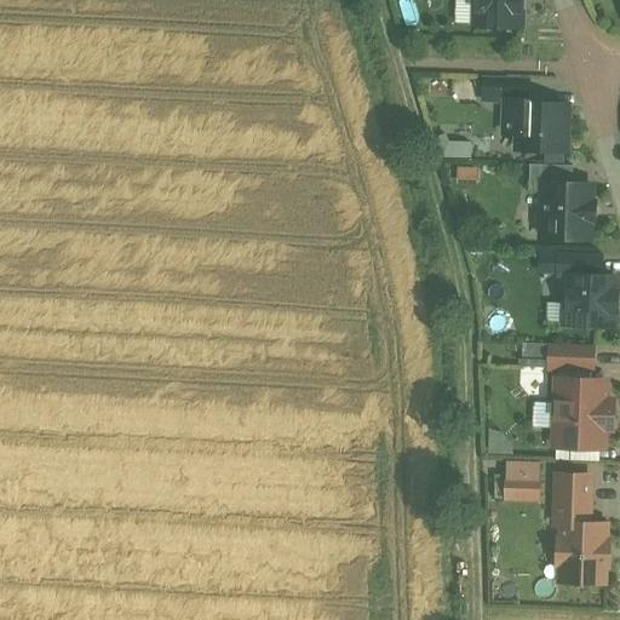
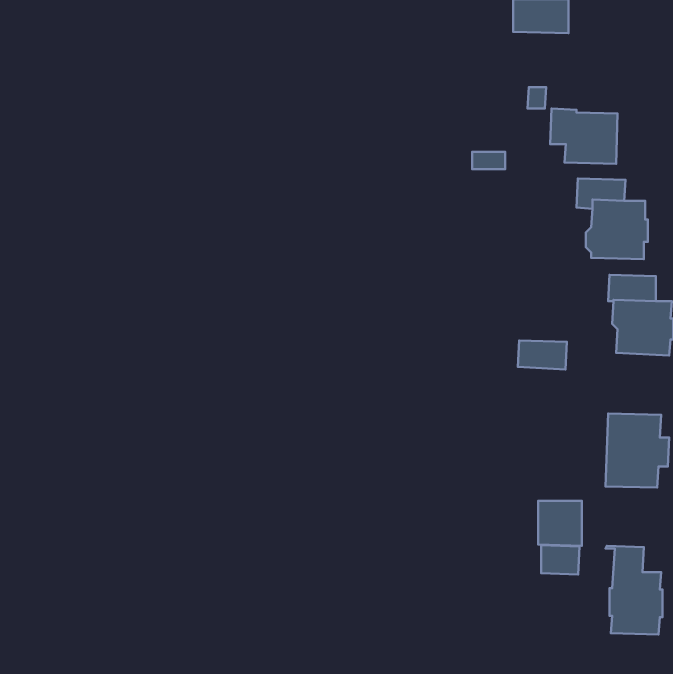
building: [549,344,593,371] -> [518,340,567,369]
building: [556,475,591,501] -> [541,545,580,574]

